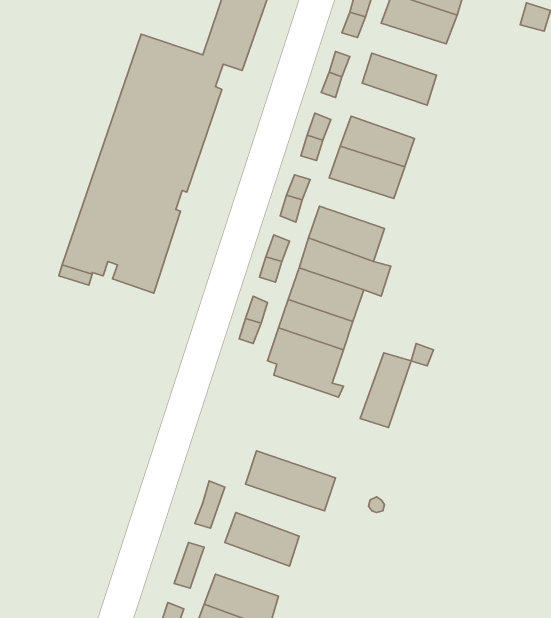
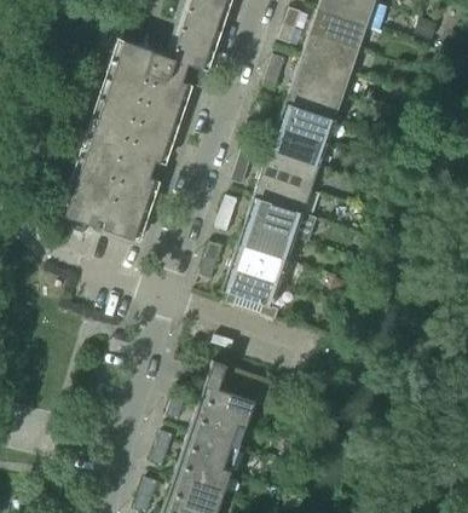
building: none -> [301,33,358,73]
building: none -> [285,79,343,121]
building: none -> [261,151,318,190]
building: [360,353,411,427] -> none
building: none -> [197,386,254,426]
building: none -> [181,431,238,472]

